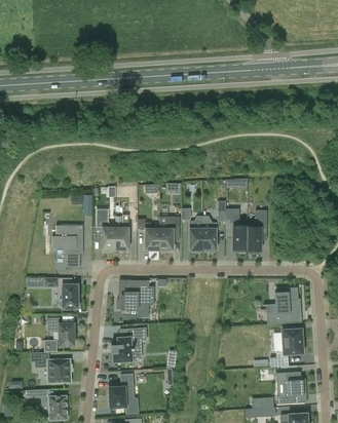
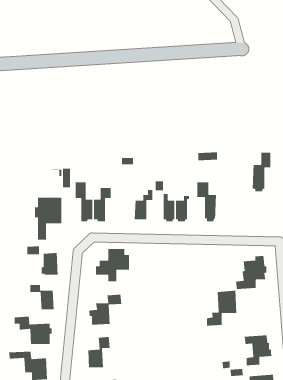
building: [246,209,266,253] -> [252,152,271,192]
building: [137,219,159,249] -> none
building: [270,328,303,367] -> [206,290,237,326]

